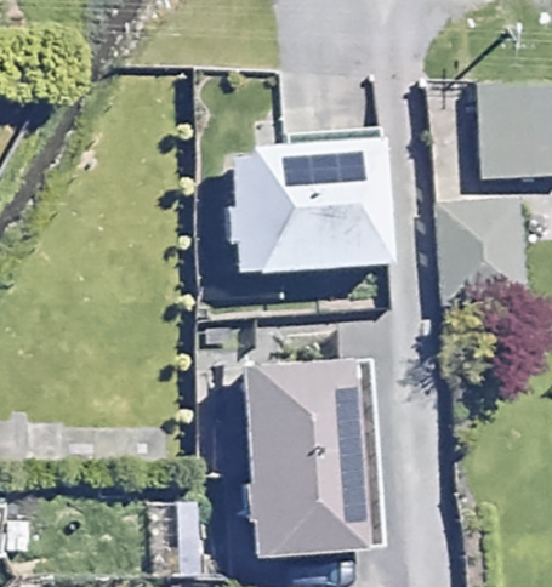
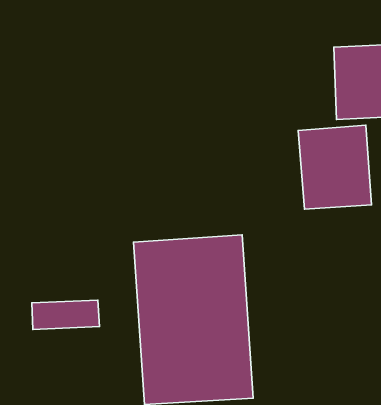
building: [220,141,391,261] -> none

